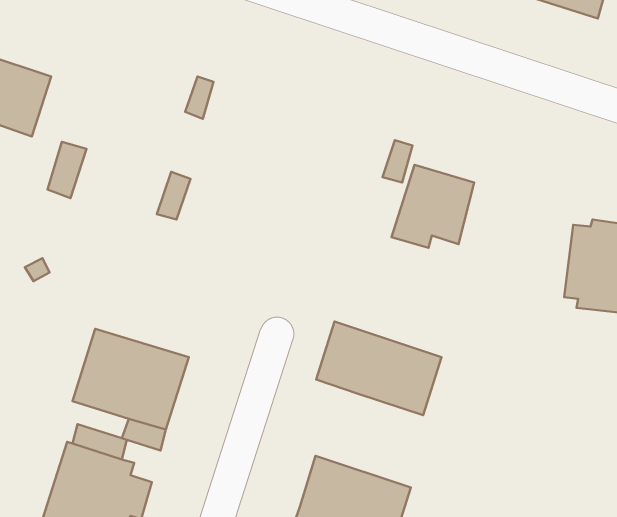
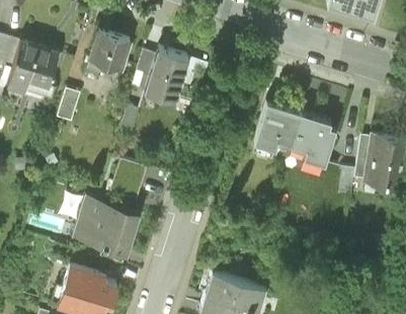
building: none -> [87,31,133,78]
building: none -> [144,51,192,105]
building: none -> [294,113,335,165]
building: [316,322,442,415] -> none

